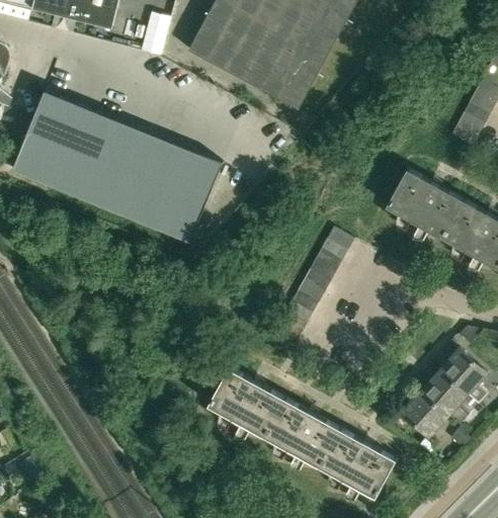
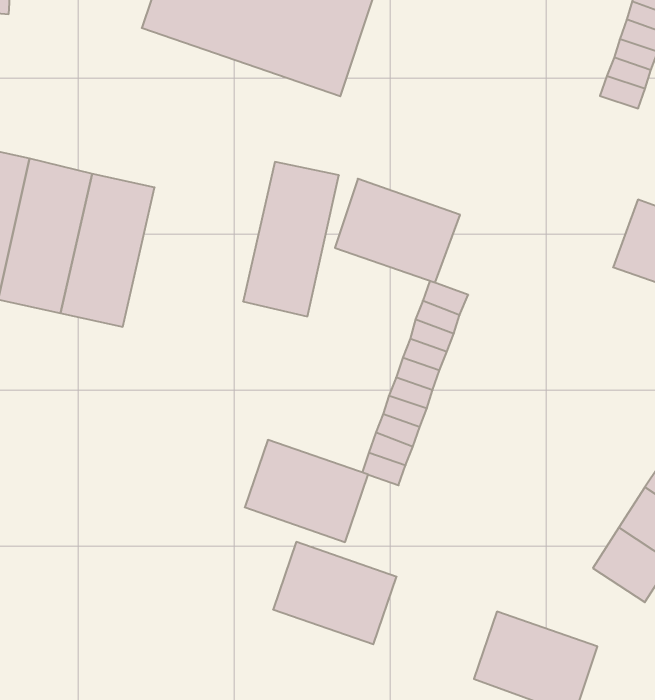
building: [148,146,217,240] -> [243,162,339,316]
building: [387,169,464,238] -> [335,179,460,283]
building: [264,399,340,466] -> [245,440,368,542]

